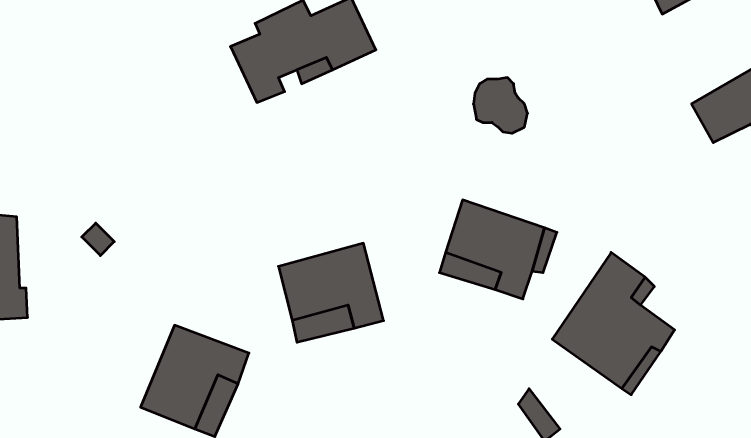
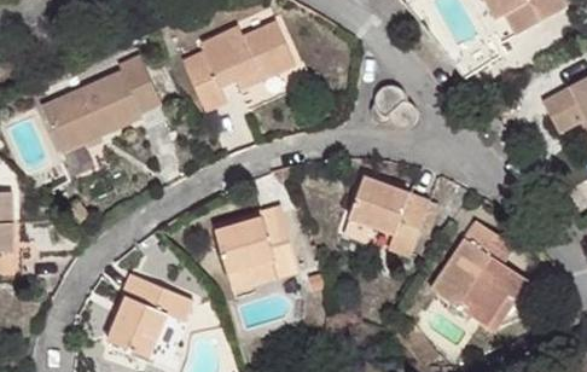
building: none -> [40,52,157,151]

